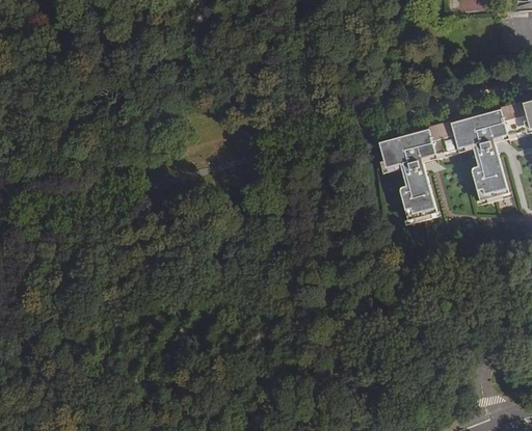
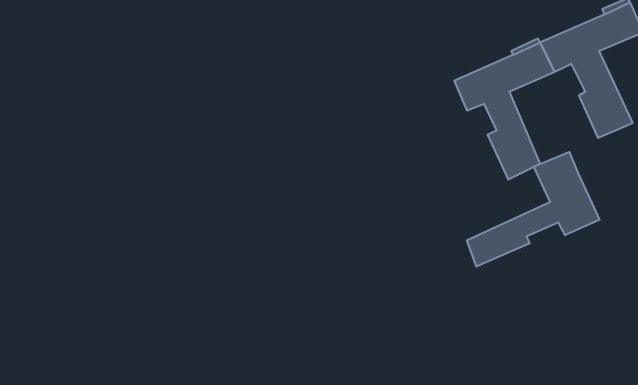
building: none -> [467,152,600,267]

